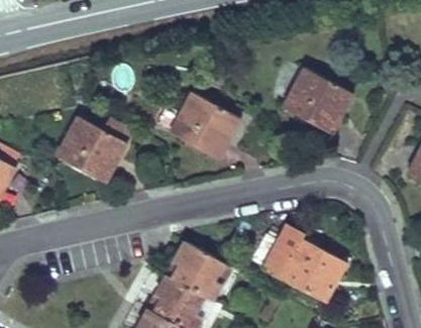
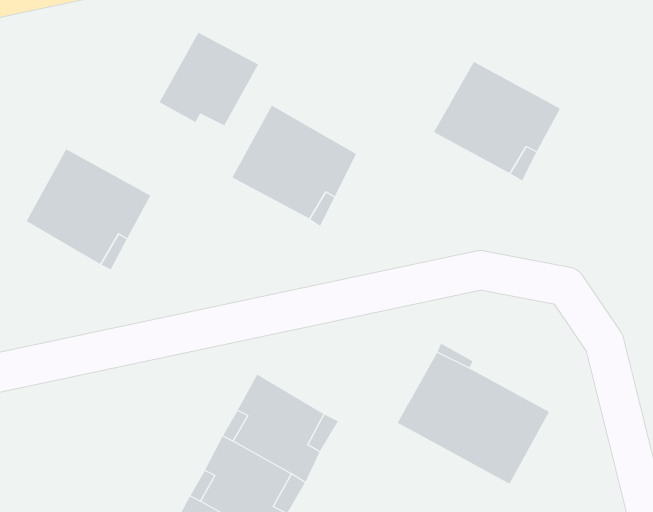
building: none -> [159,32,259,126]

